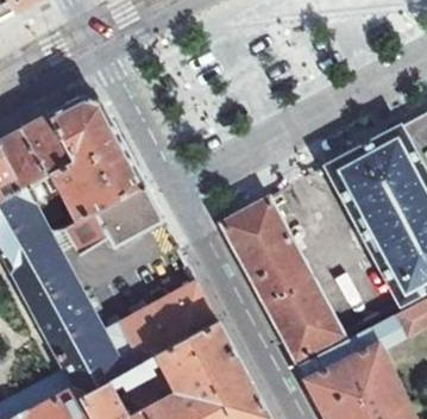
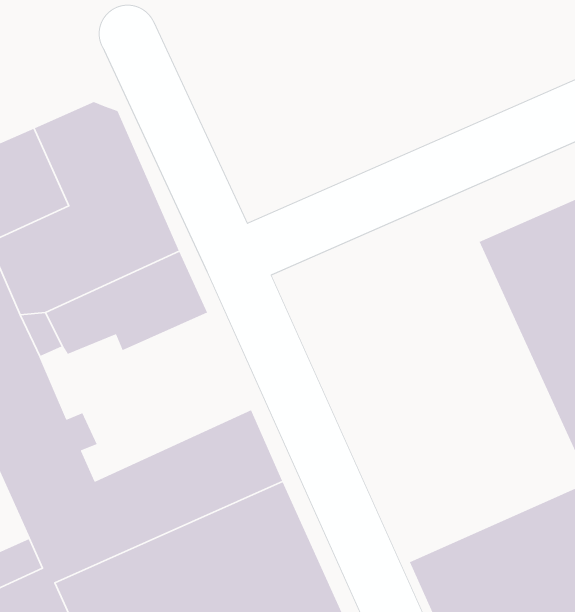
building: [221,199,345,362] -> none

